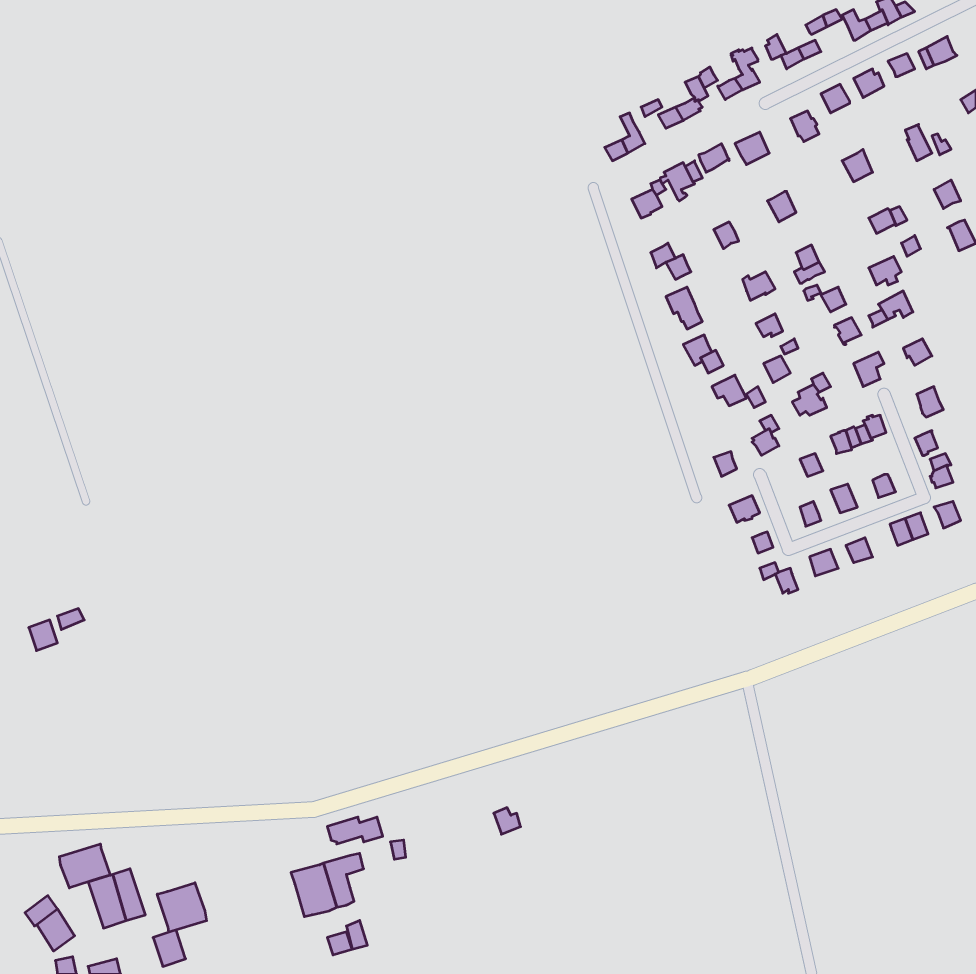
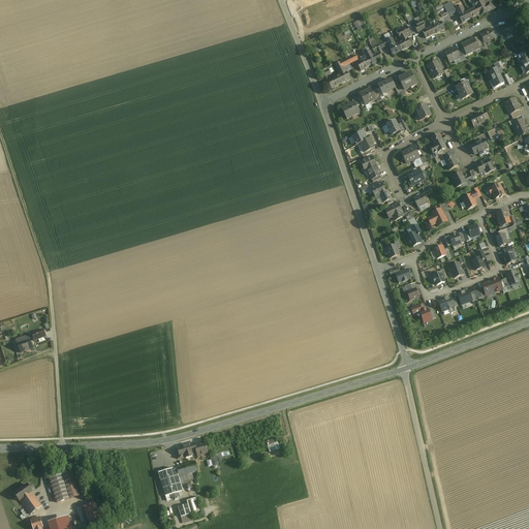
building: [59,844,110,888] -> none
building: [157,883,207,932] -> none

